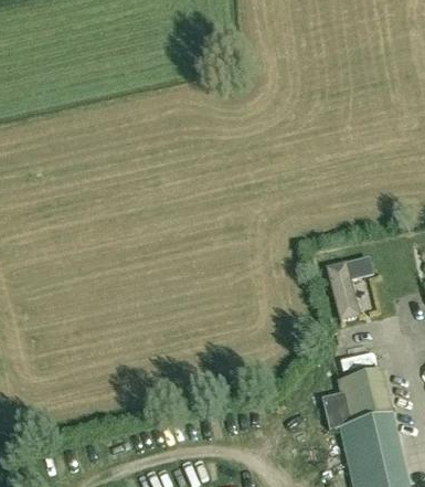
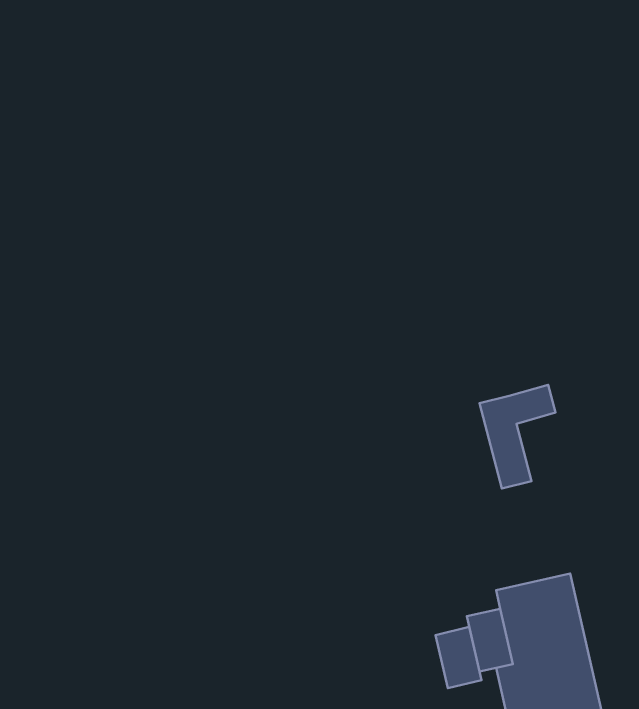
building: none -> [435,627,482,688]

